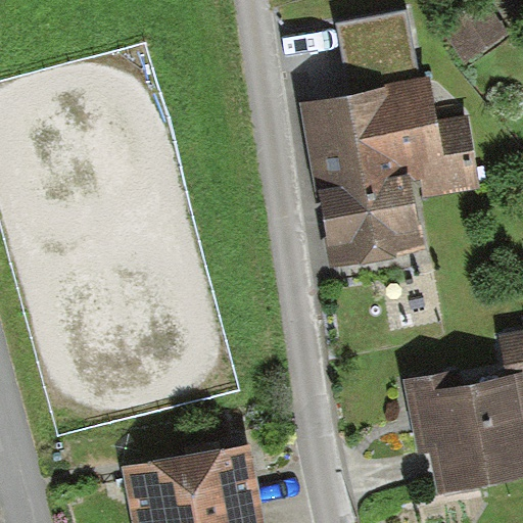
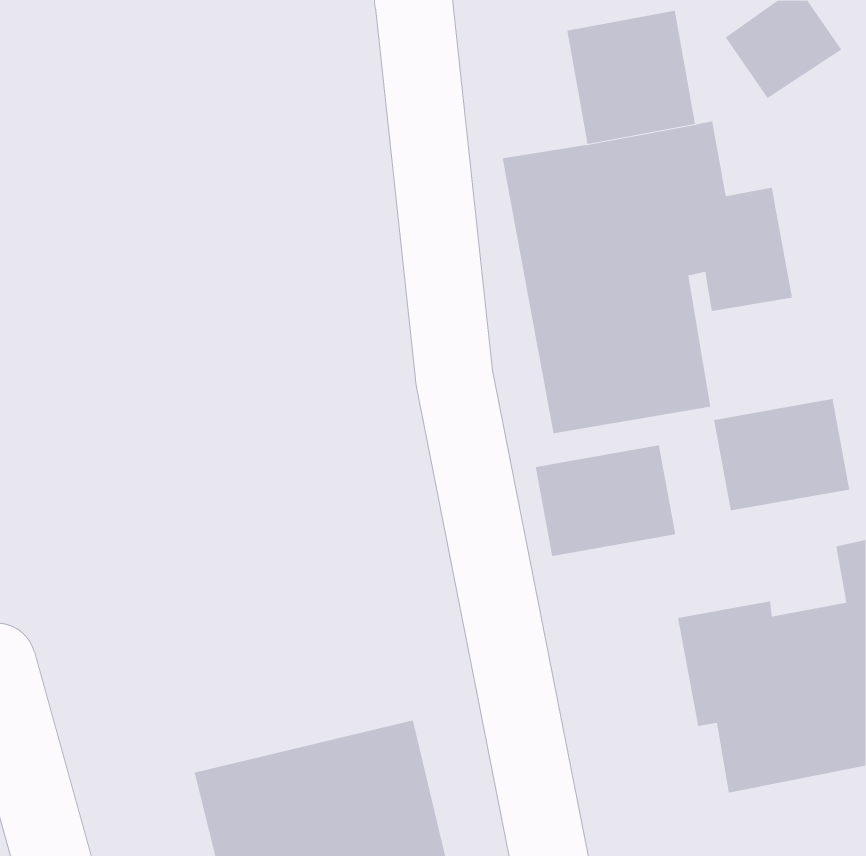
building: none -> [714,398,850,511]
building: none -> [535,444,676,557]

